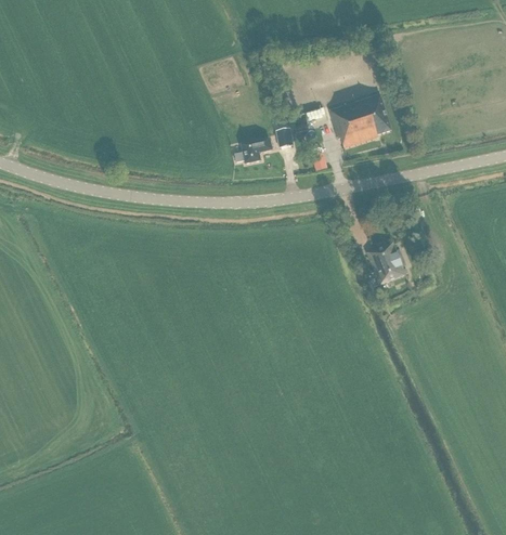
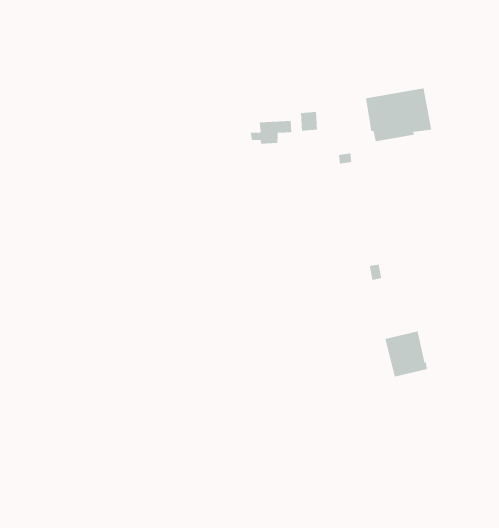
building: [366,242,407,285] -> [385,331,428,377]

